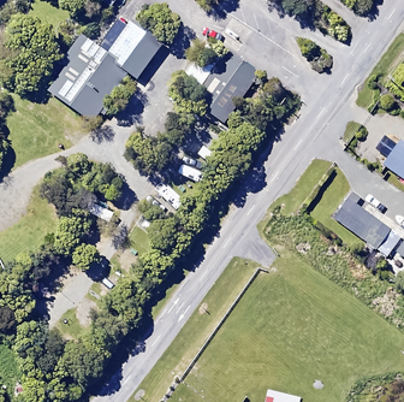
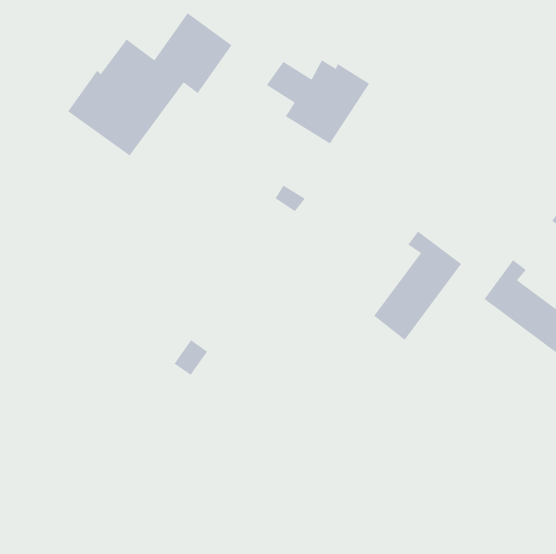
building: none -> [373,230,462,341]

